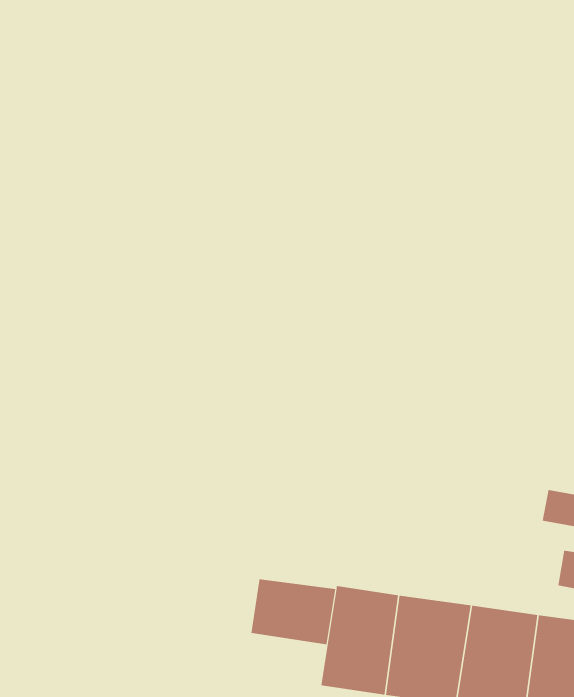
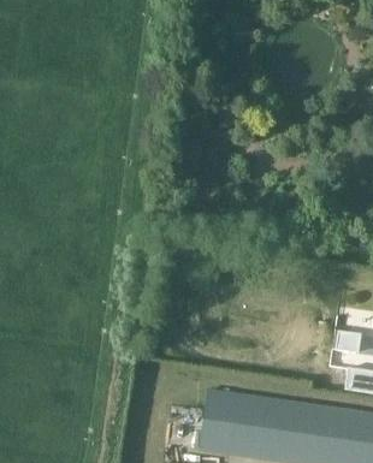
building: [251,578,336,645] -> none

